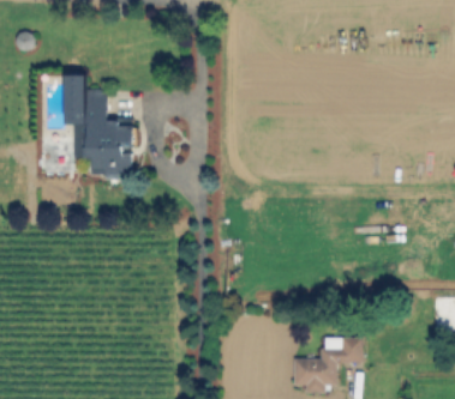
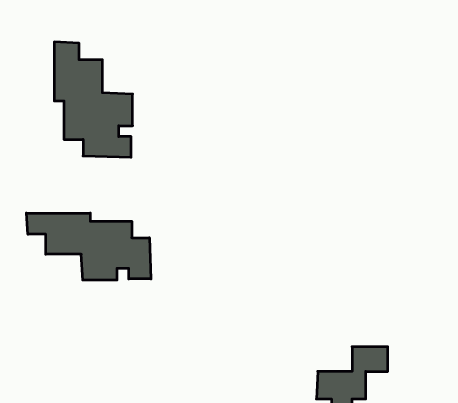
building: none -> [26,213,151,280]

